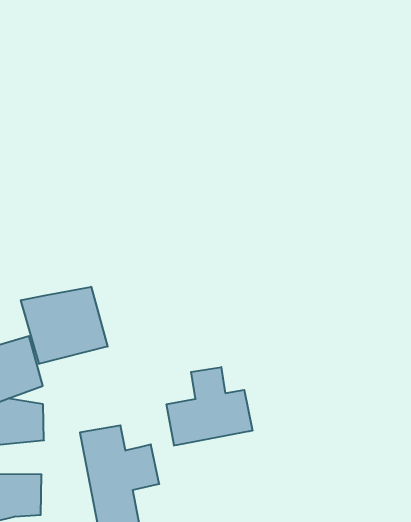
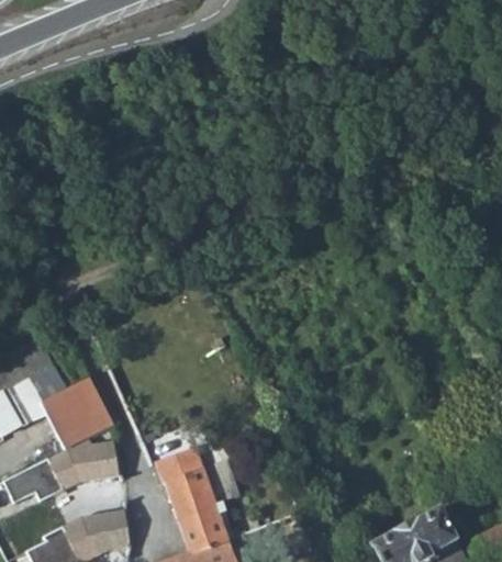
building: [21,287,108,364] -> none
building: [167,367,252,446] -> none

